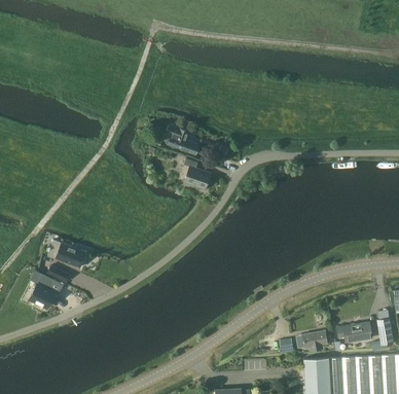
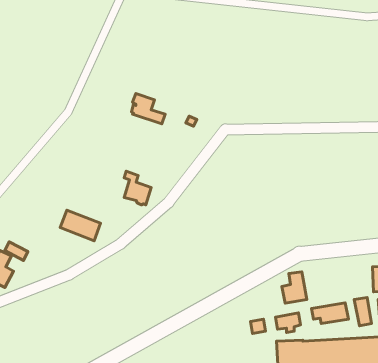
building: [184,158,210,190] -> [124,171,151,205]
building: [47,240,85,268] -> [60,210,101,241]
building: none -> [282,272,307,303]

